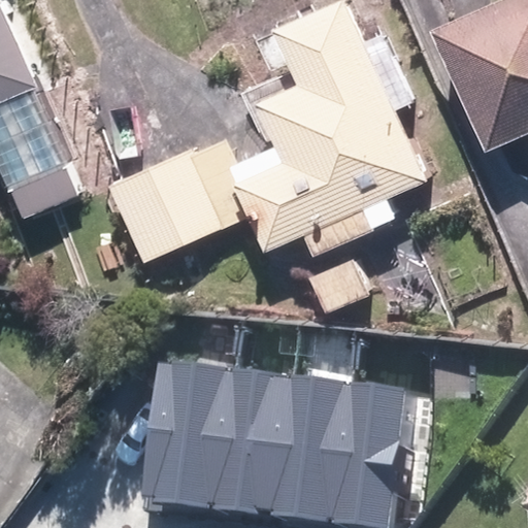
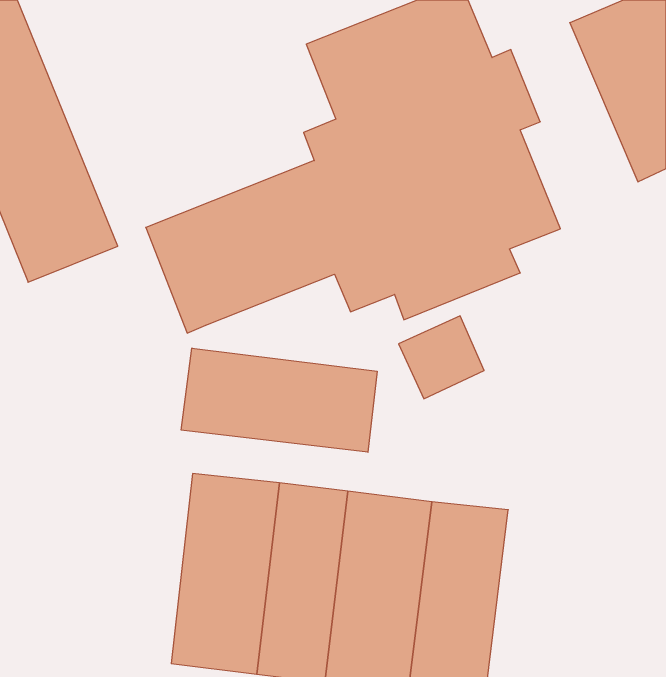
building: none -> [181,348,377,452]

